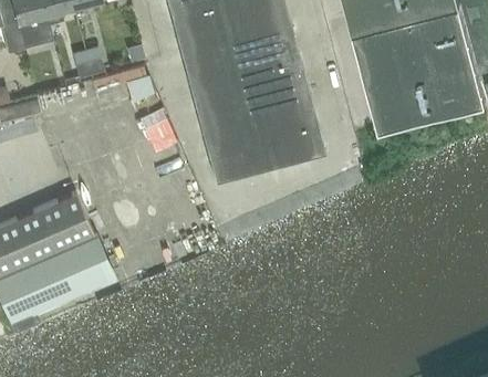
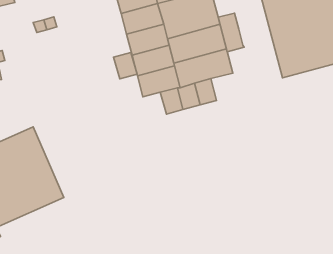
building: none -> [218,13,244,52]
building: [291,126,325,159] -> none
building: [208,149,237,181] -> [113,53,137,79]

